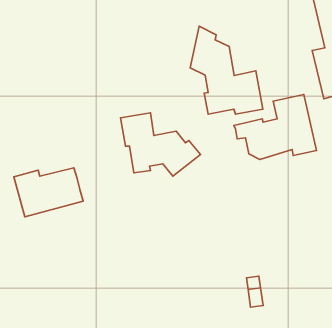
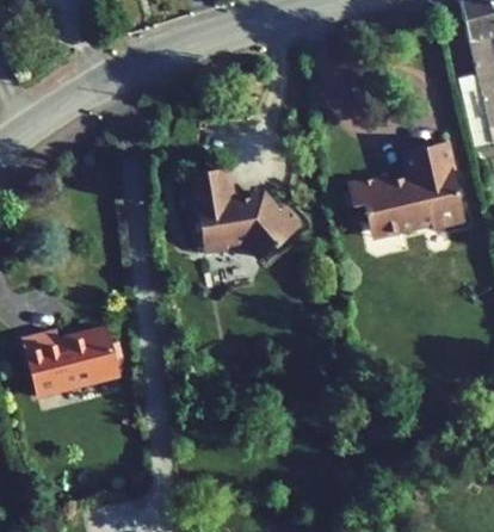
building: [190,26,263,114] -> none
building: [14,168,83,217] -> [23,328,122,398]

